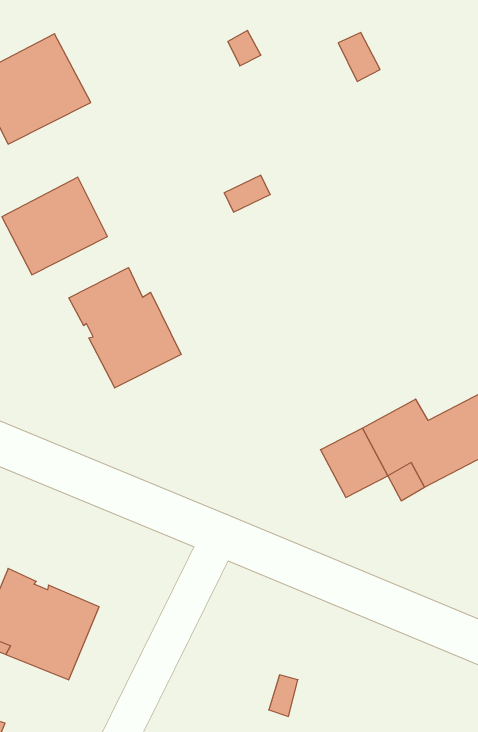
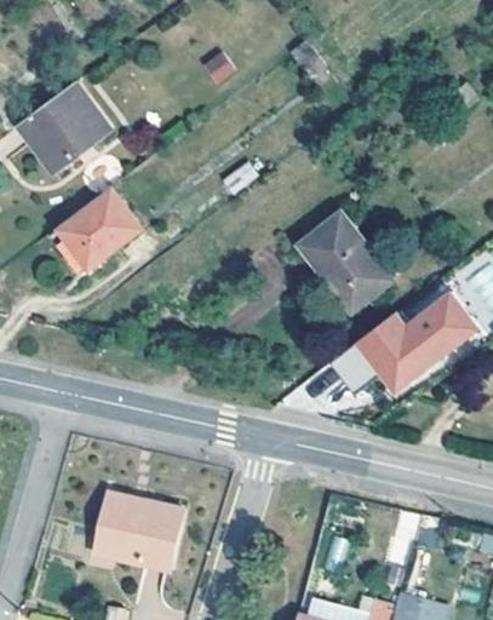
building: none -> [299,213,391,311]
building: [69,268,181,388] -> none

